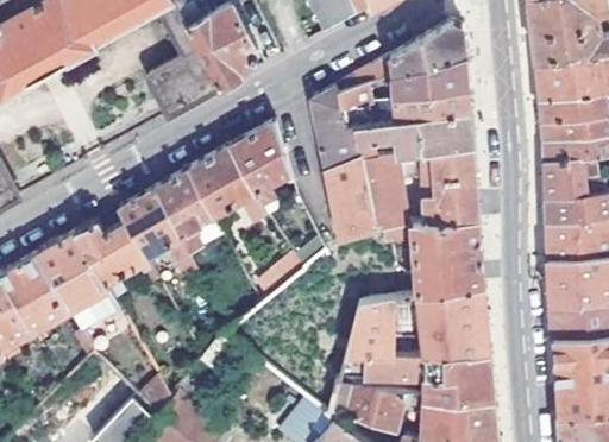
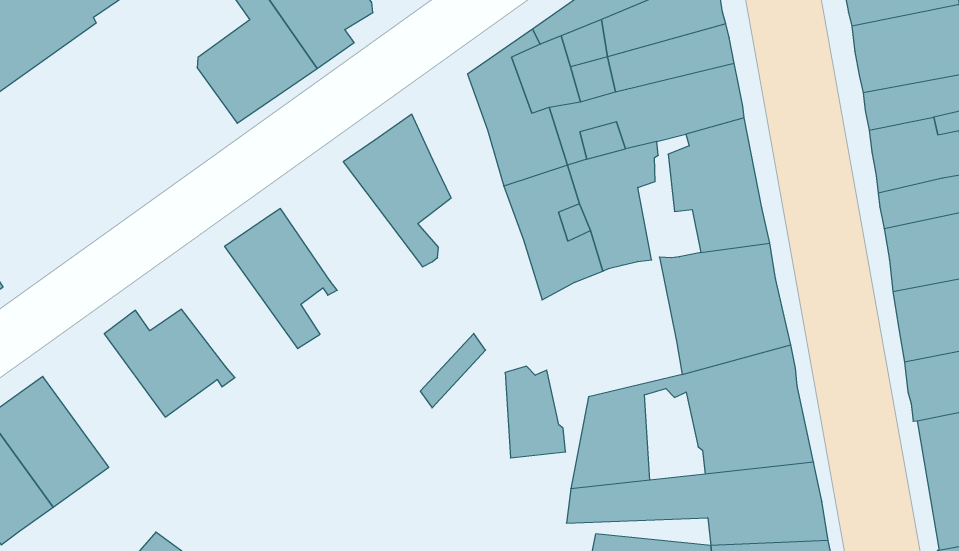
building: [189,145,270,220] -> none
building: [117,188,199,276] -> none
building: [37,232,123,332] -> none
building: [391,301,425,354] -> [505,366,566,458]

